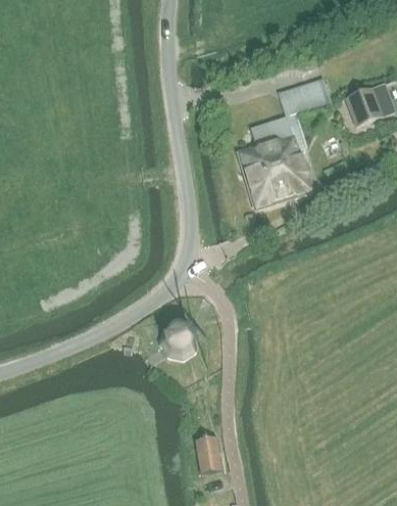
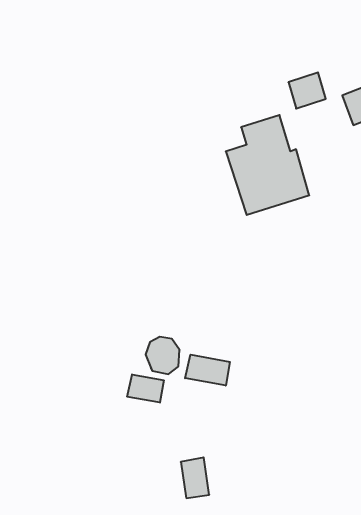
building: none -> [185,355,230,386]
building: none -> [127,374,164,403]

